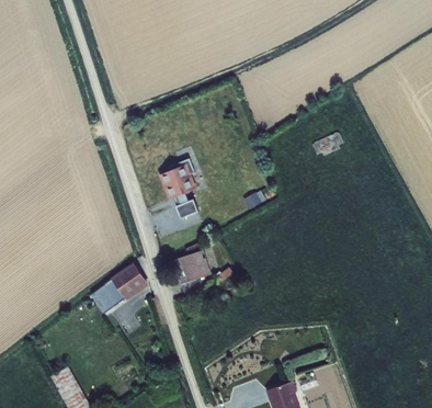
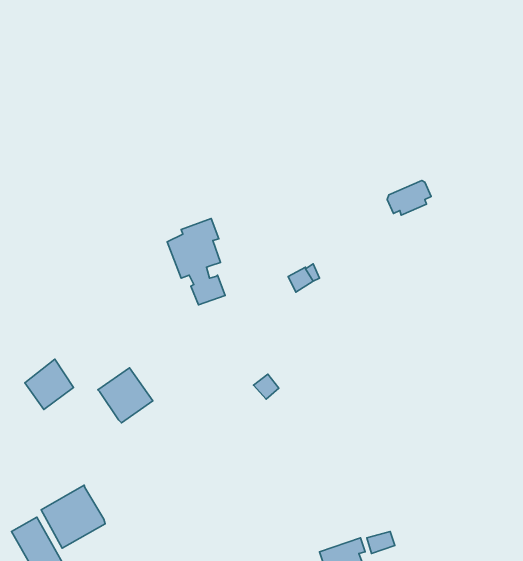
building: [173,249,212,293] -> none
building: [91,279,125,314] -> [25,359,74,410]
building: none -> [41,485,105,548]

